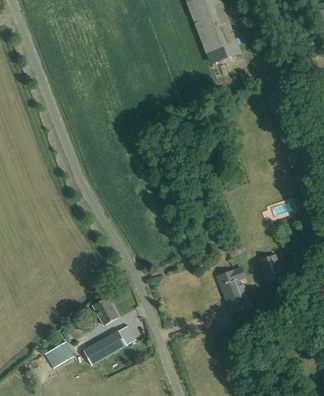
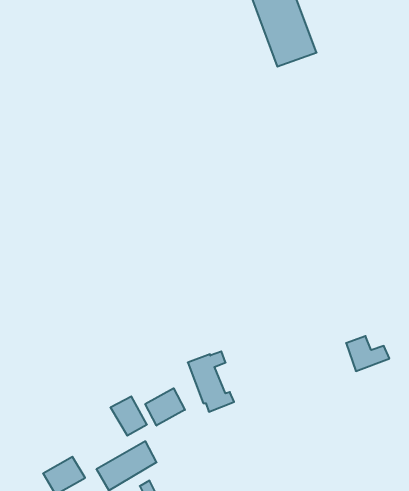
building: [216,268,249,311] -> [188,351,234,412]
building: none -> [145,388,185,426]

